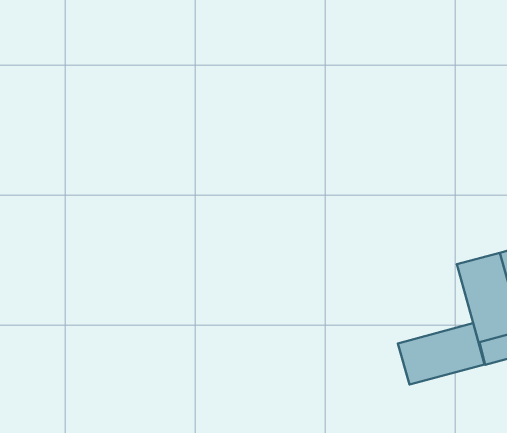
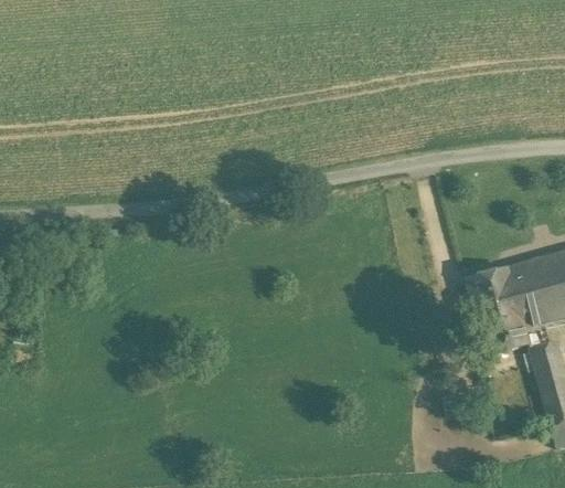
building: [398,323,484,385] -> none

